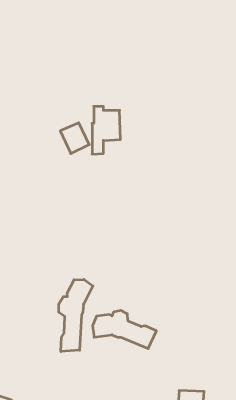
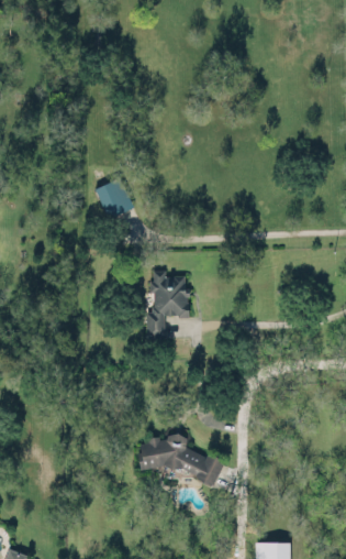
building: [92,106,120,154] -> [148,271,187,336]
building: [59,279,93,352] -> none

